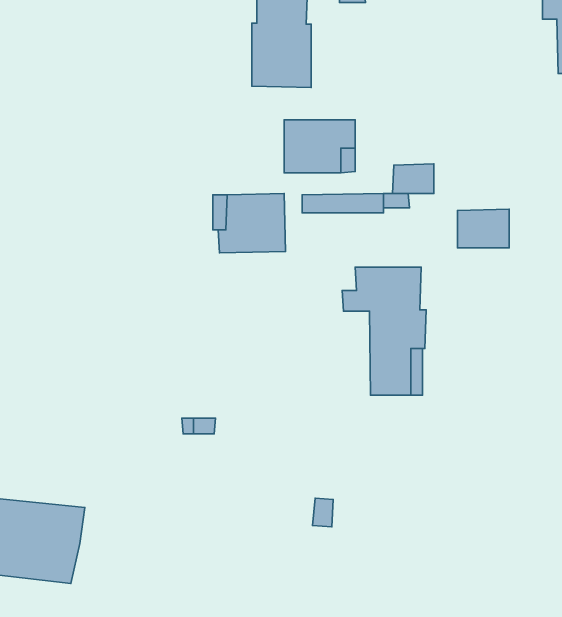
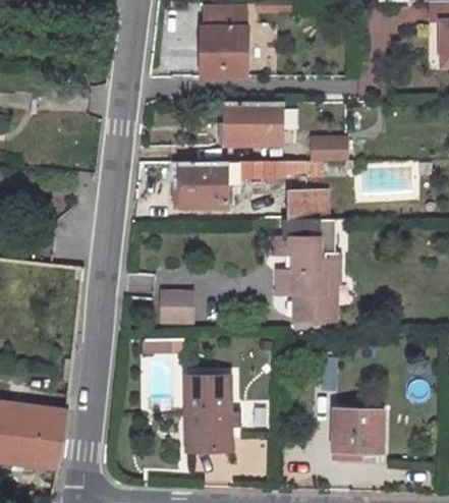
building: [457,209,509,248] -> [287,189,328,220]
building: none -> [157,296,188,329]
building: none -> [188,377,231,451]
building: none -> [333,409,382,452]

